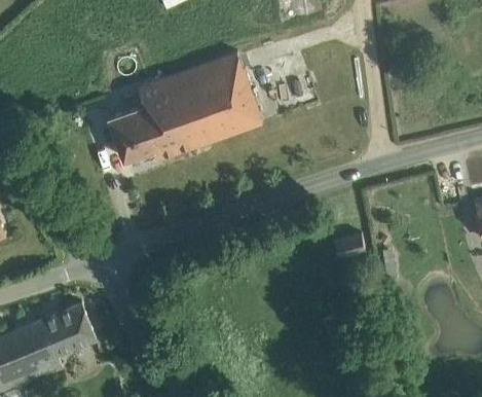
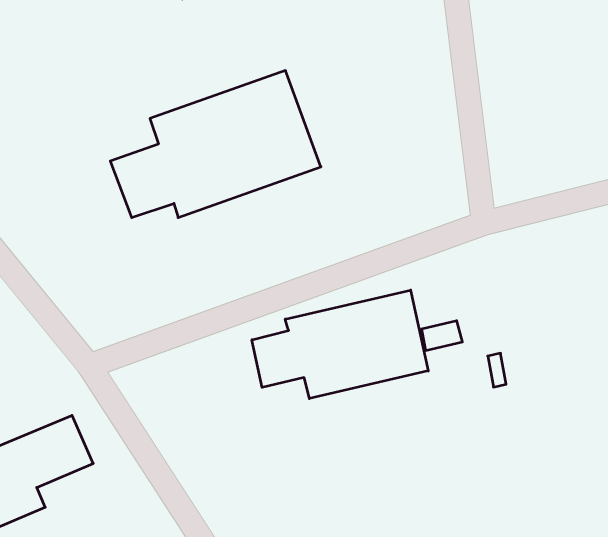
building: none -> [252,290,428,399]

